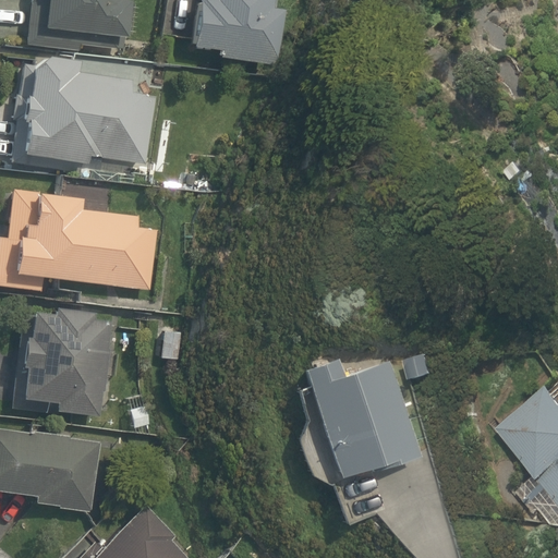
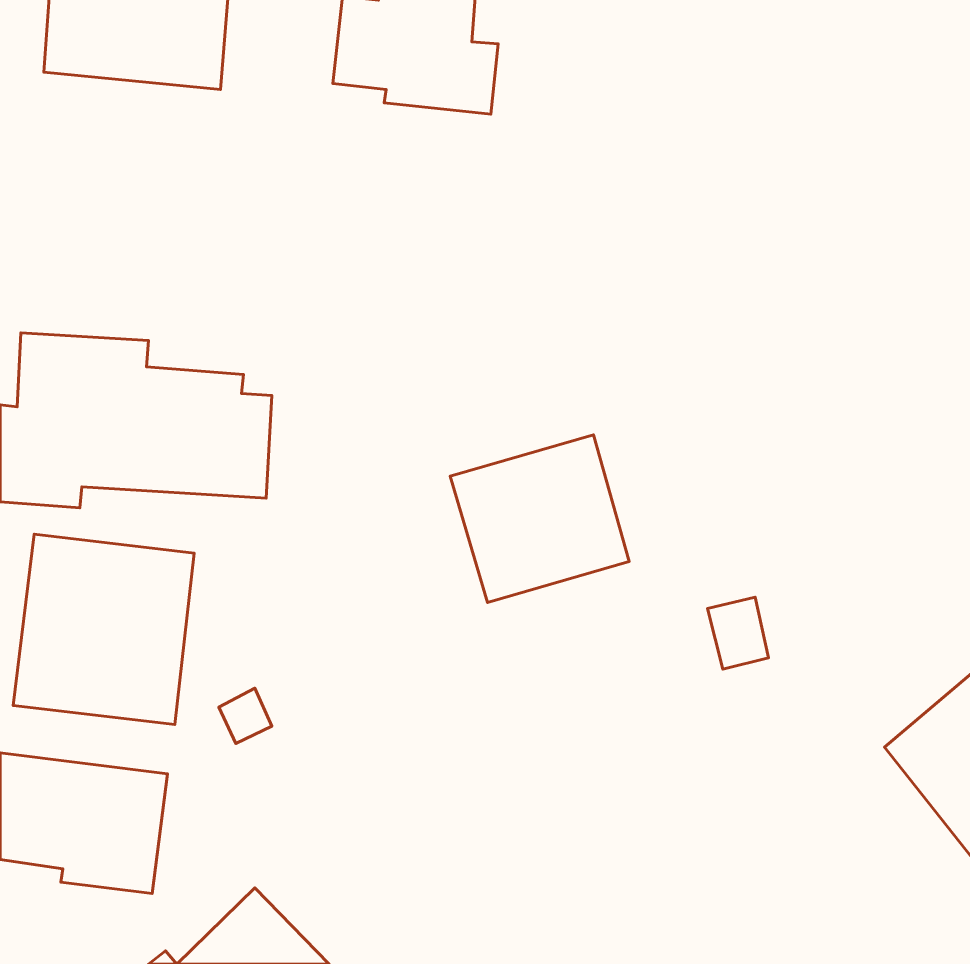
building: [13,64,154,166] -> none
building: none -> [450,435,629,603]
building: [301,349,418,520] -> none

